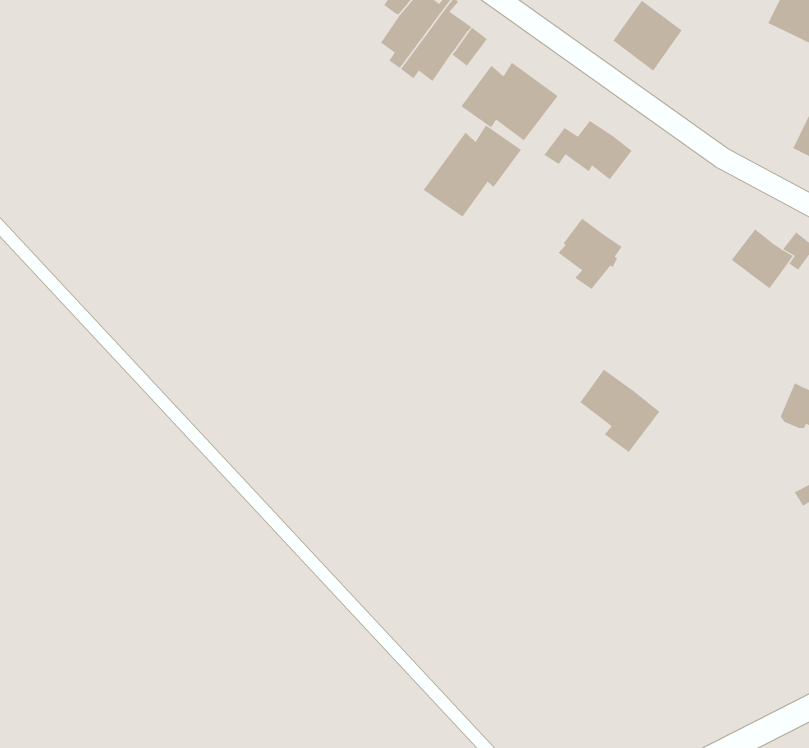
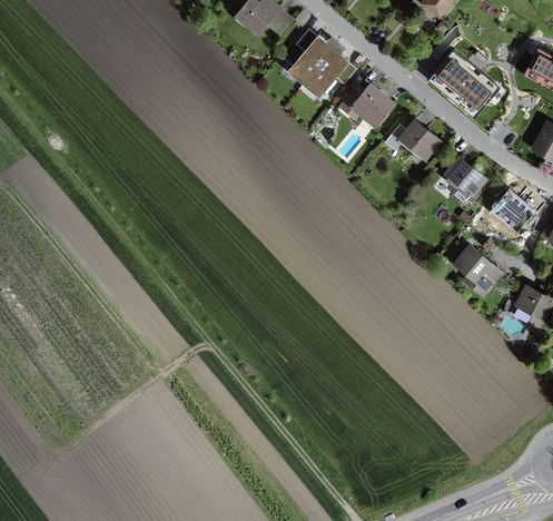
building: none -> [454,71,496,114]
building: [423,125,522,217] -> none
building: [558,218,623,290] -> [444,159,483,203]
building: [579,369,660,453] -> [454,245,502,296]

